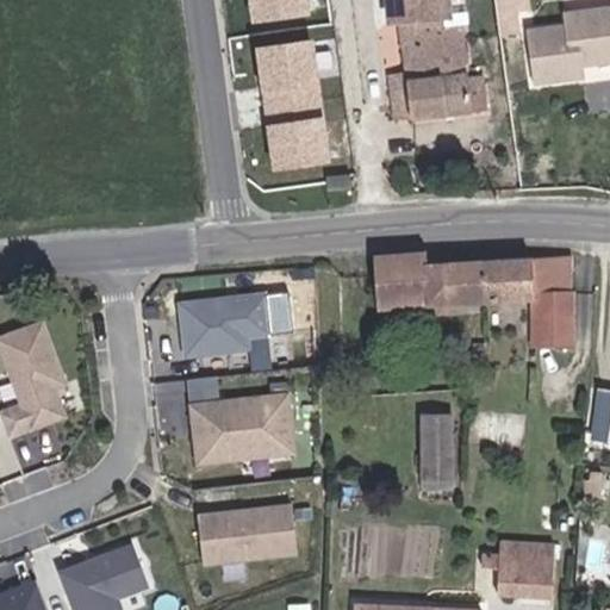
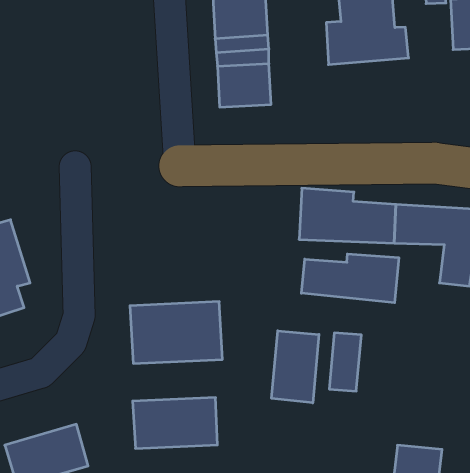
building: [175,290,273,360] -> none
building: none -> [301,254,399,303]
building: none -> [272,331,319,403]

